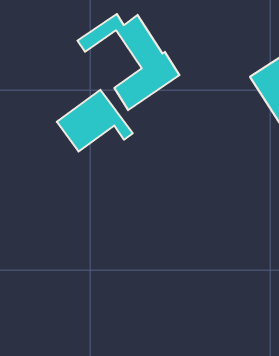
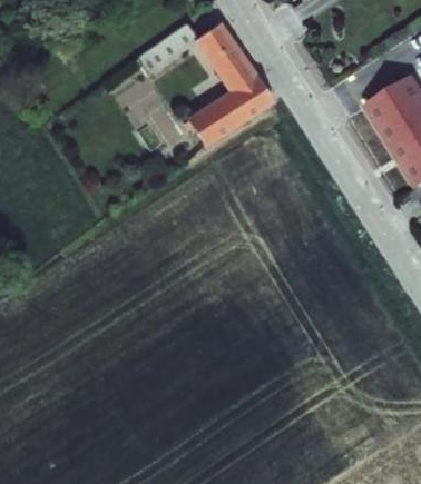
building: [57,90,133,152] -> none

